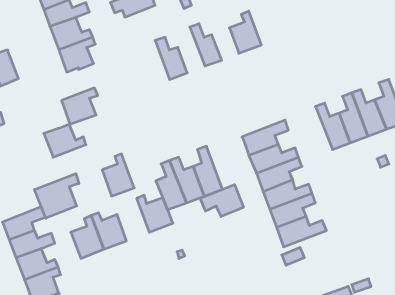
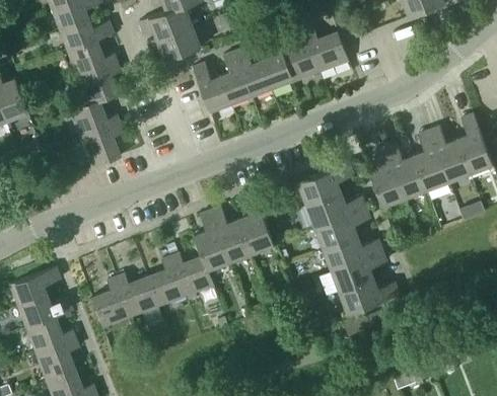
building: none -> [147,25,201,61]
building: none -> [305,29,349,73]
building: none -> [261,36,293,91]
building: none -> [220,52,253,106]
building: none -> [369,147,406,208]
building: [44,124,86,157] -> [69,100,120,140]
building: [102,154,134,196] -> [147,257,186,308]
building: [35,174,79,218] -> none
building: [200,185,243,217] -> none

